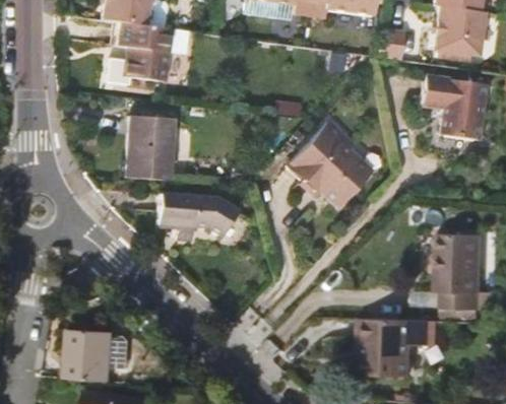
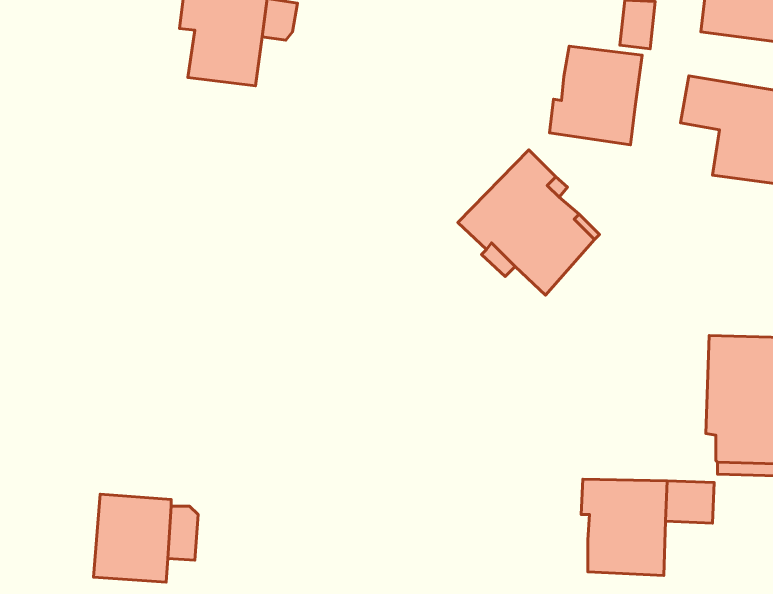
building: none -> [549,46,642,145]
building: [125,115,173,181] -> none
building: [157,195,237,241] -> none

